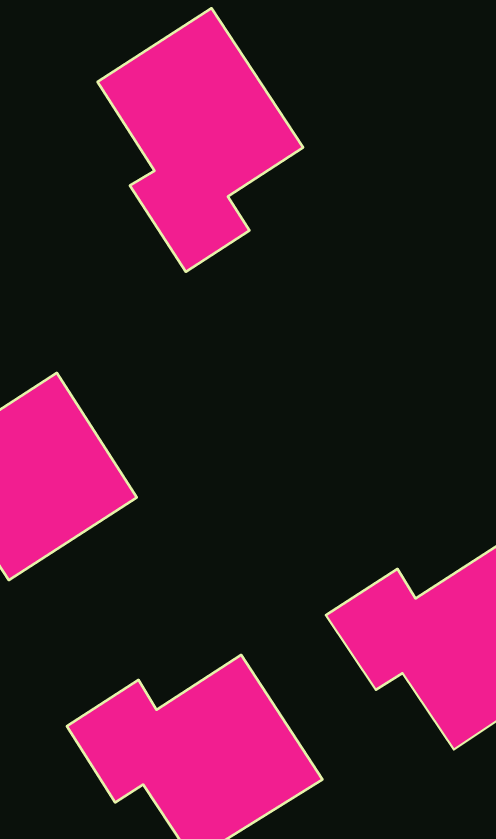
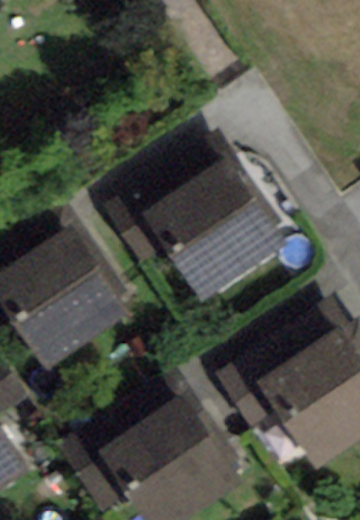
building: [98,8,303,272] -> none
building: none -> [127,166,284,292]

